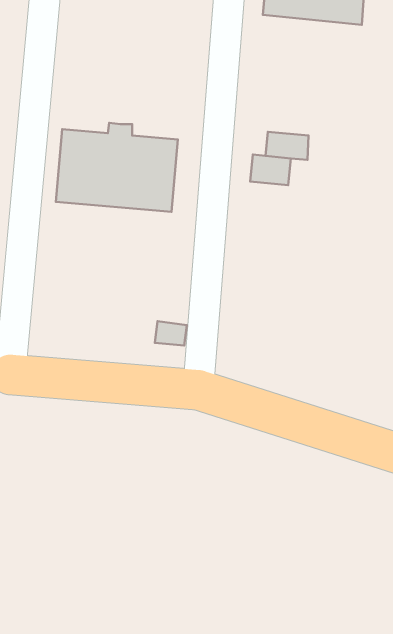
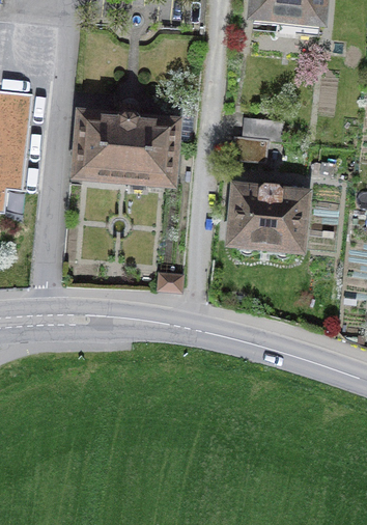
building: none -> [222,182,310,254]

